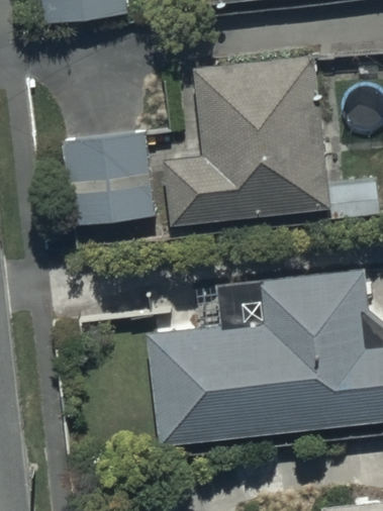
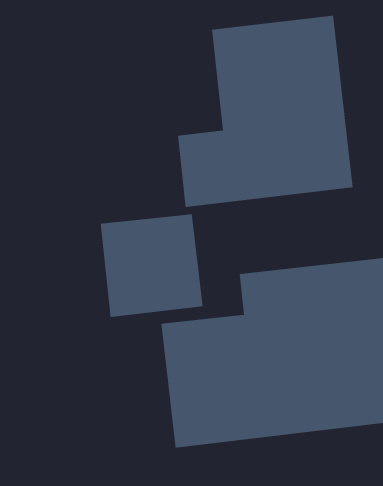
building: [61,130,156,225] -> [100,214,204,318]

